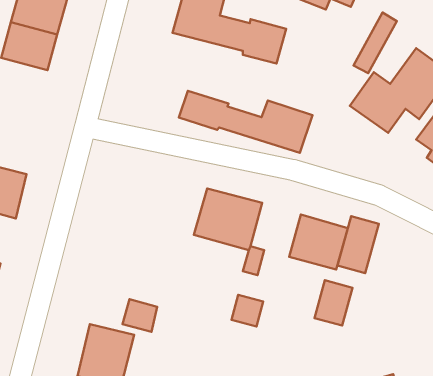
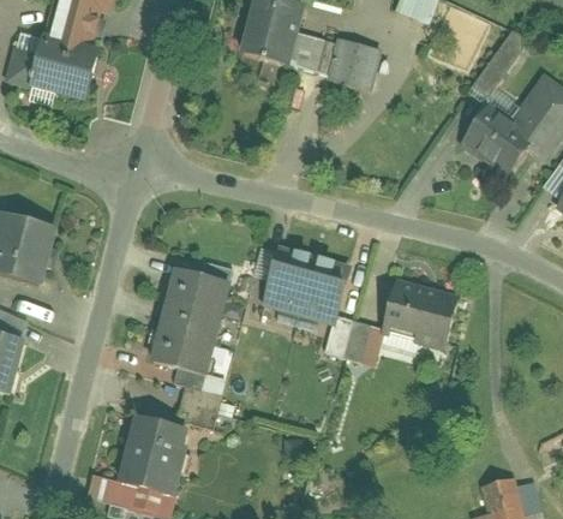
building: [179,91,313,153] -> none
building: none -> [151,270,228,372]
building: [338,216,379,273] -> none
building: [315,280,352,326] -> none
building: [231,295,263,327] -> [343,323,383,363]

